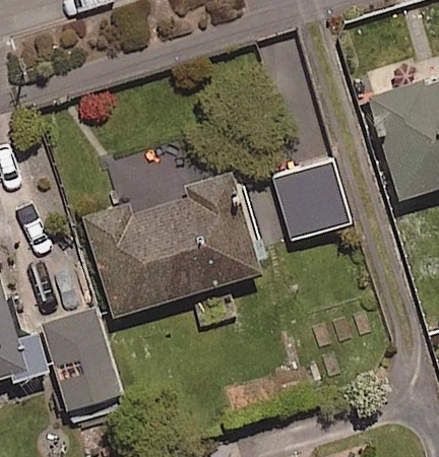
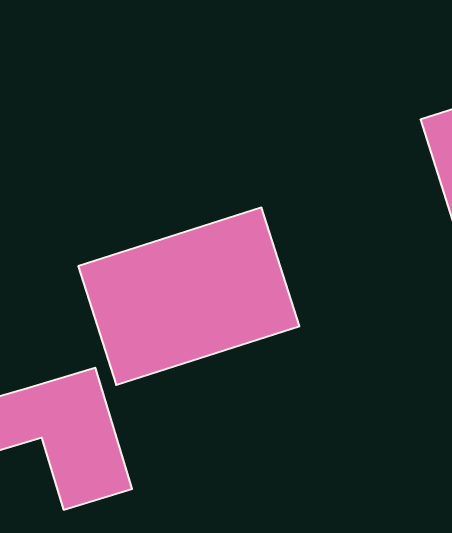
building: [273,160,352,243] -> none

